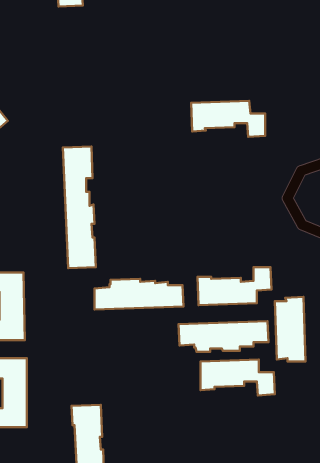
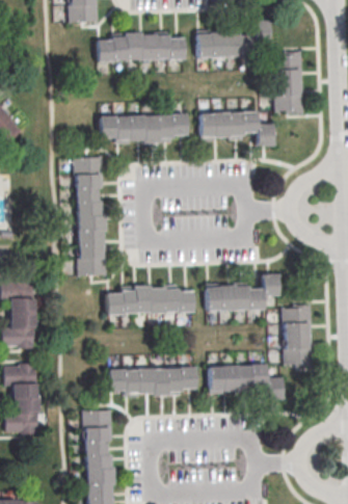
building: none -> [197,21,270,59]
building: none -> [96,32,184,61]
building: none -> [273,51,303,114]
building: none -> [99,113,187,144]
building: [178,321,268,352] -> [107,368,195,398]

